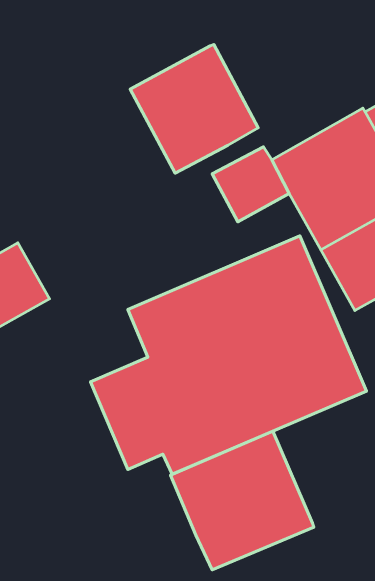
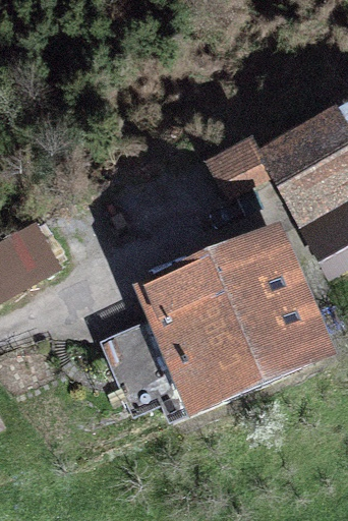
building: [130,44,258,173] -> none
building: [170,431,314,570] -> none

